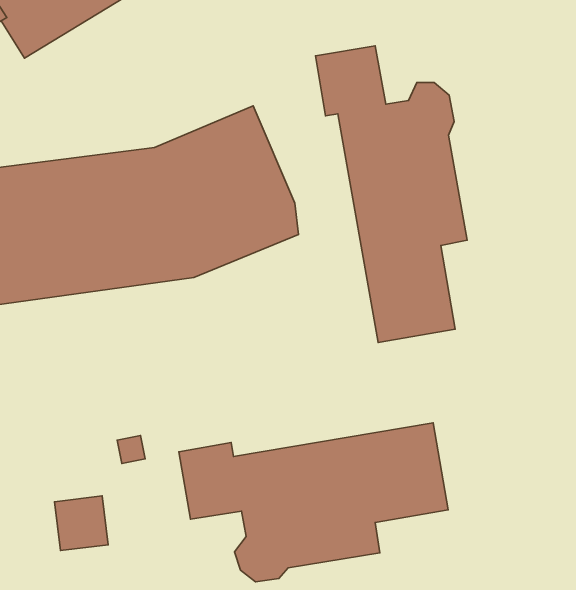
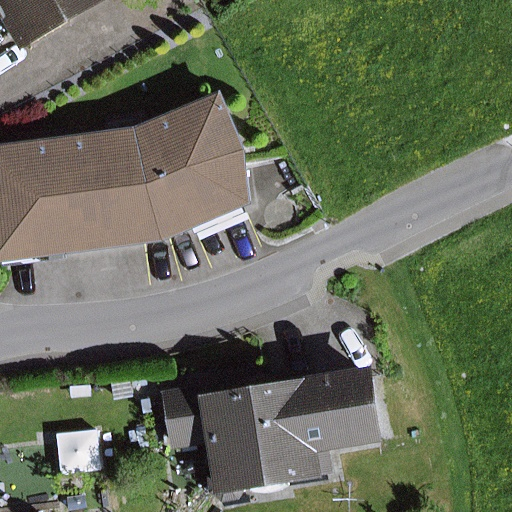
building: [316,46,467,343] -> none

